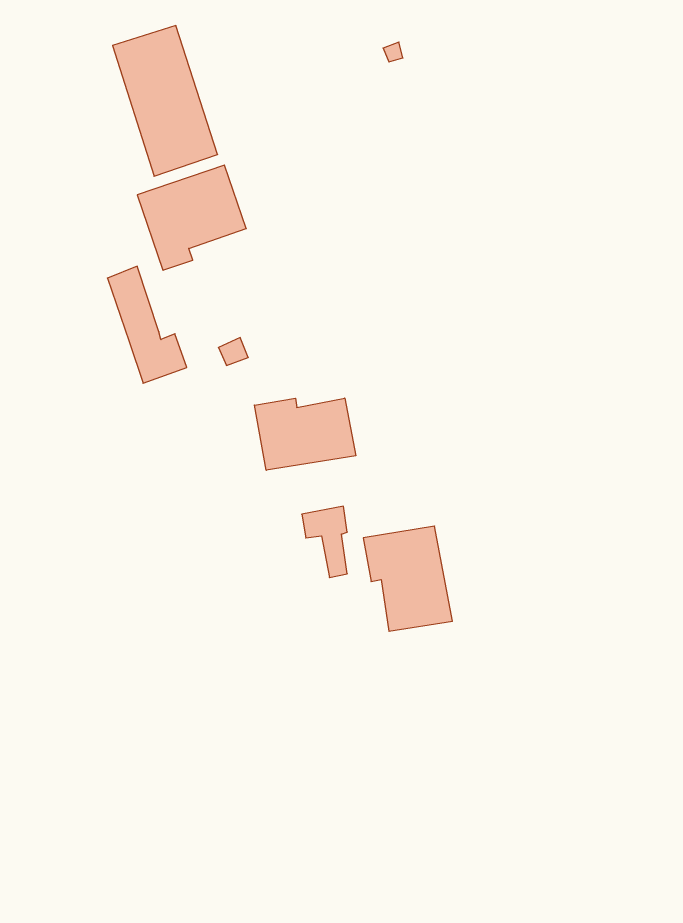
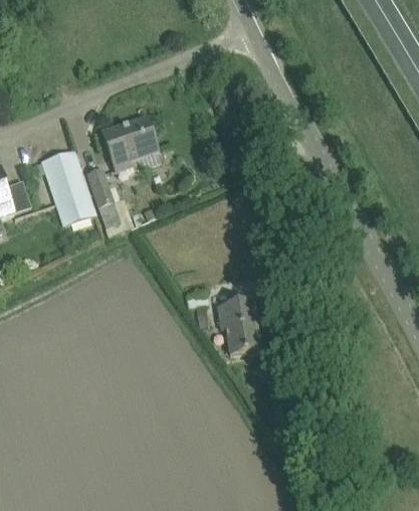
building: [113,26,218,176] -> [42,149,95,225]
building: [254,398,356,470] -> none

